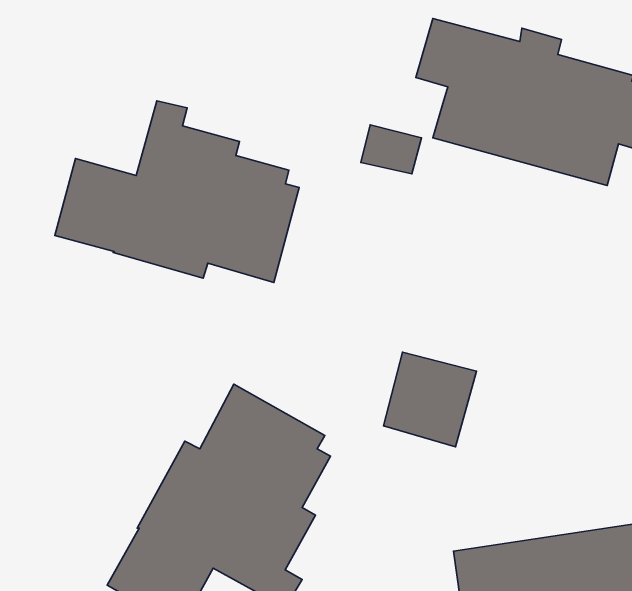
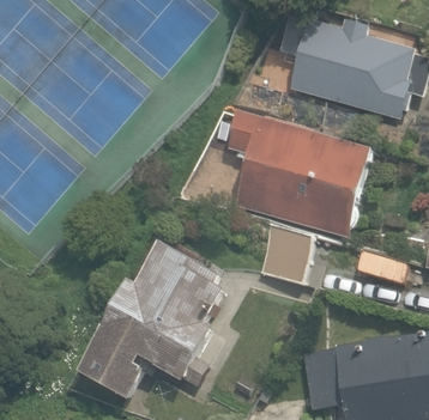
building: [55,101,299,283] -> none
building: none -> [225,111,370,237]

